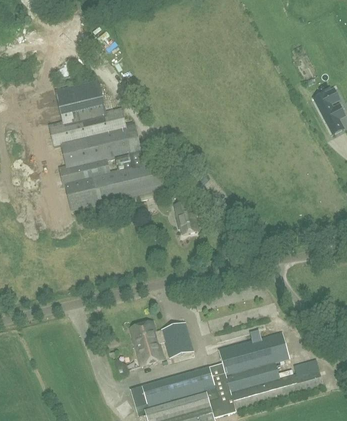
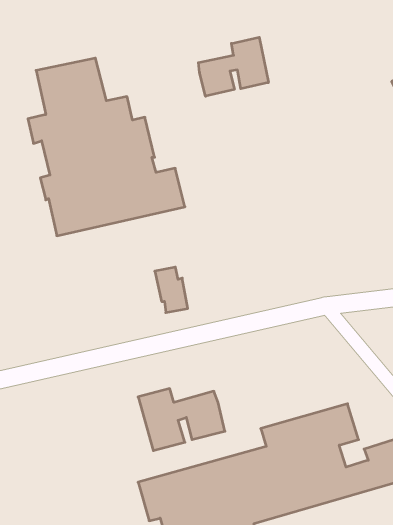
building: none -> [198,37,268,96]
building: [174,200,198,233] -> [155,267,188,313]

